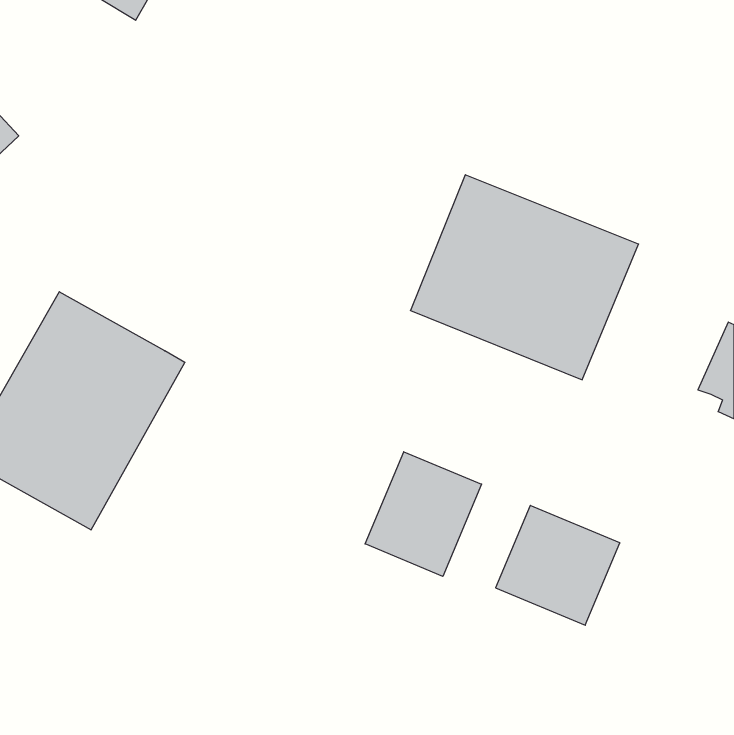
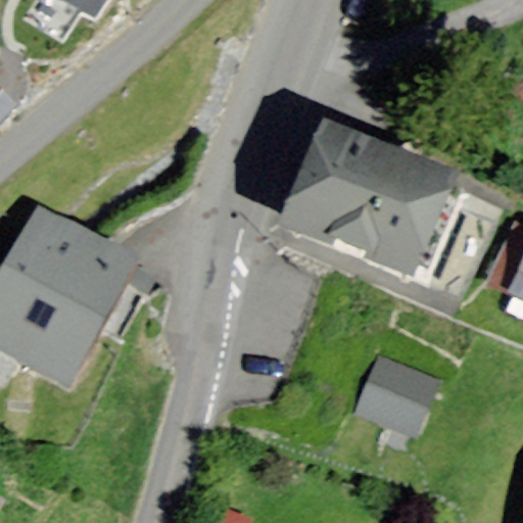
building: [365,452,482,576] -> none

